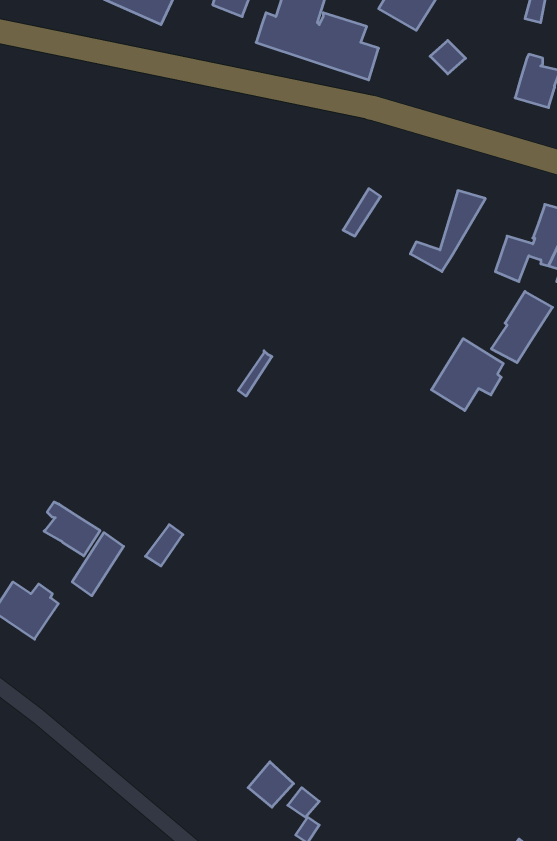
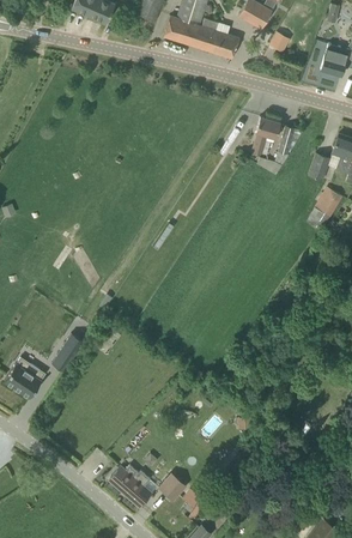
building: none -> [251,116,280,155]
building: [431,339,503,411] -> none
building: [44,502,100,556] -> none
building: none -> [108,465,151,507]

